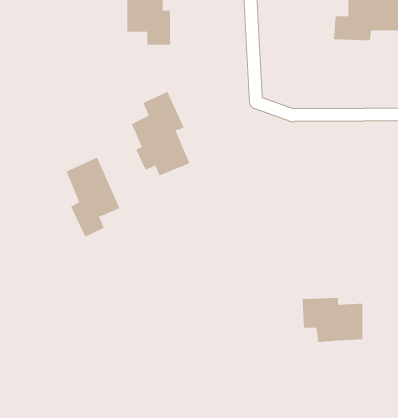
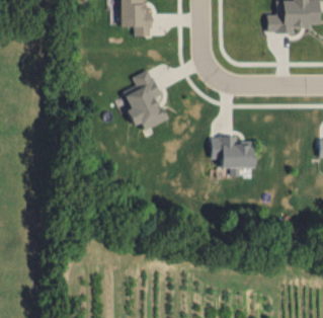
building: [65,156,121,238] -> none
building: [302,297,363,343] -> [211,137,254,169]

